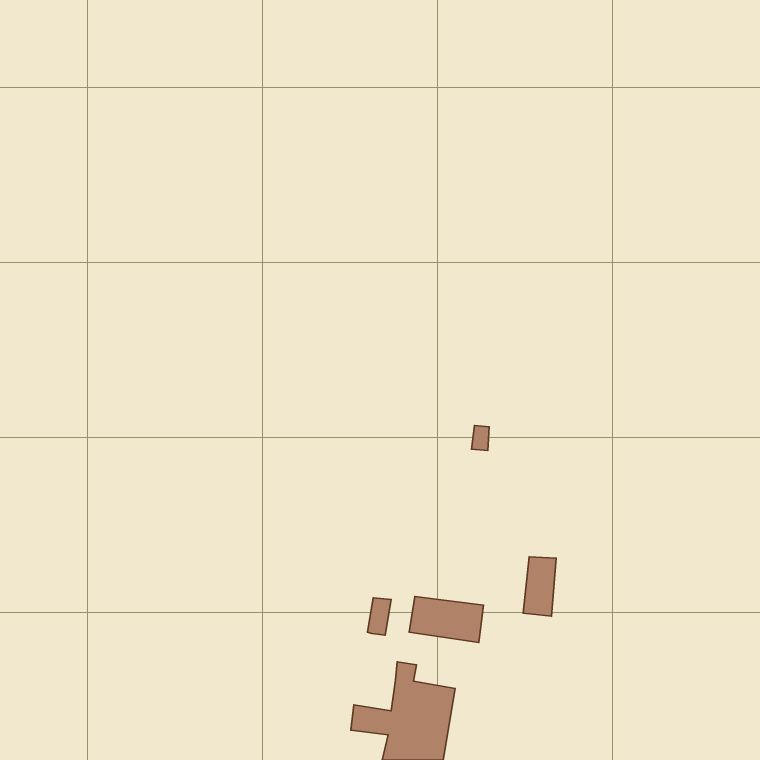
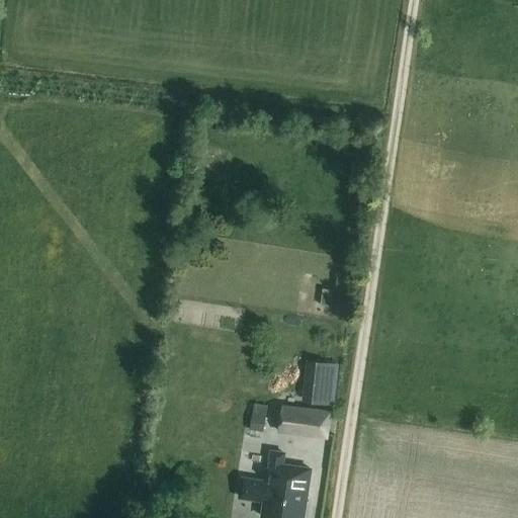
building: [523,557,556,616] -> [314,357,336,398]

